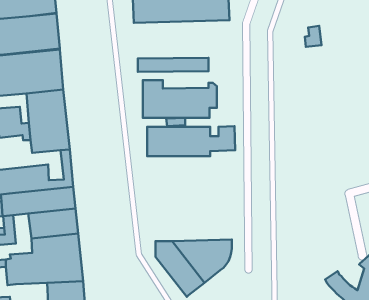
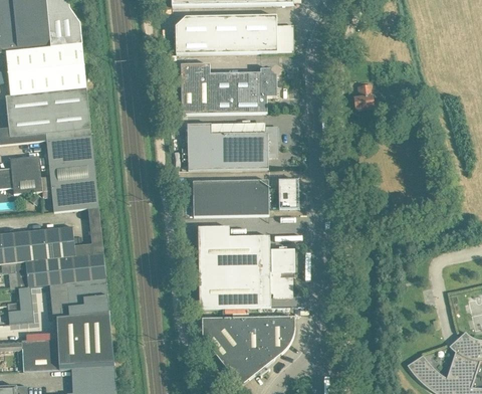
building: [305,26,322,47] -> [353,83,374,109]
building: none -> [180,63,276,97]
building: none -> [197,226,292,308]

